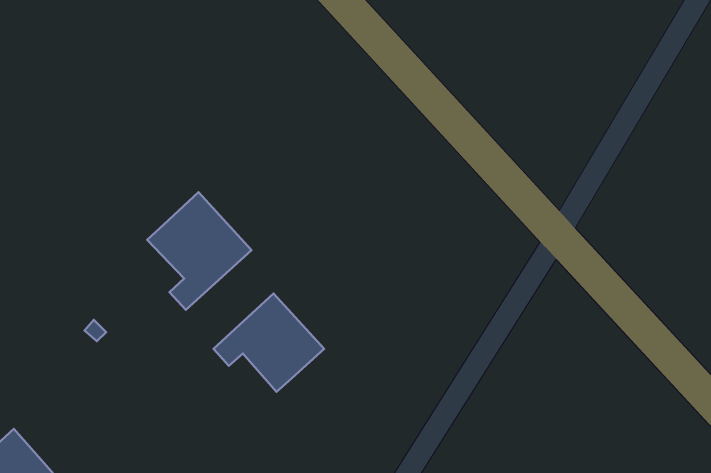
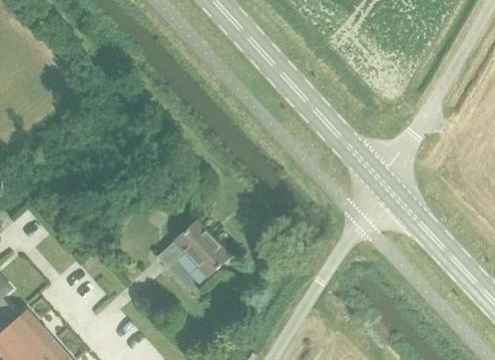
building: [147,192,252,310] -> none

